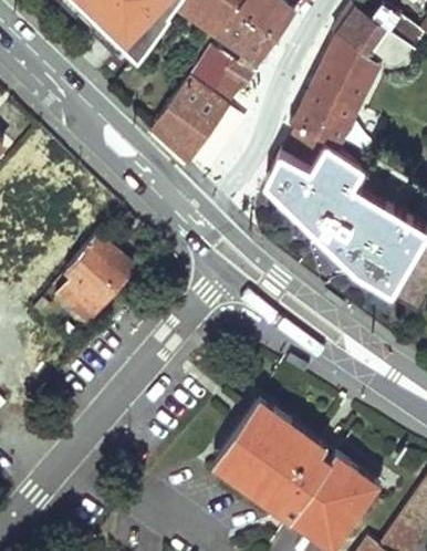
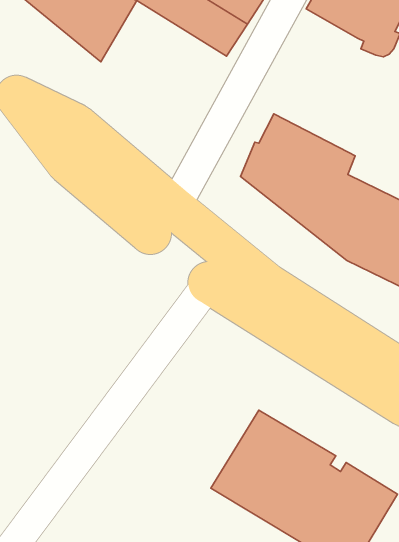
building: [291,38,376,170] -> none
building: [150,50,254,168] -> none
building: [55,233,135,321] -> none

